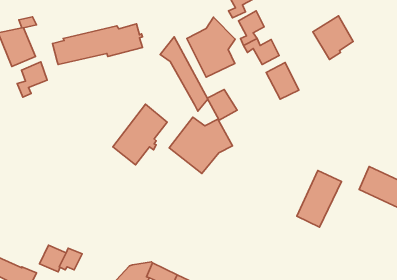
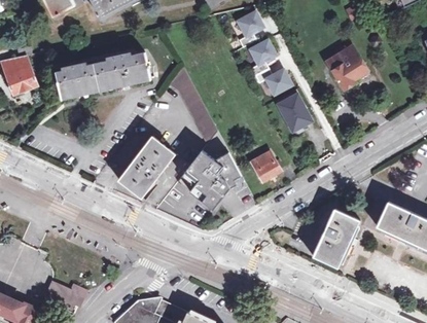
building: [187,17,235,77] -> none
building: [17,62,47,97] -> none
building: [207,89,237,120] -> [250,148,281,180]

